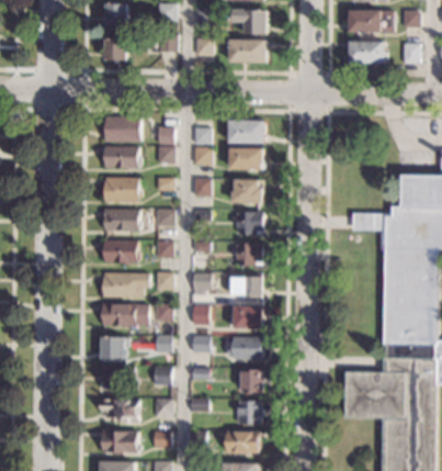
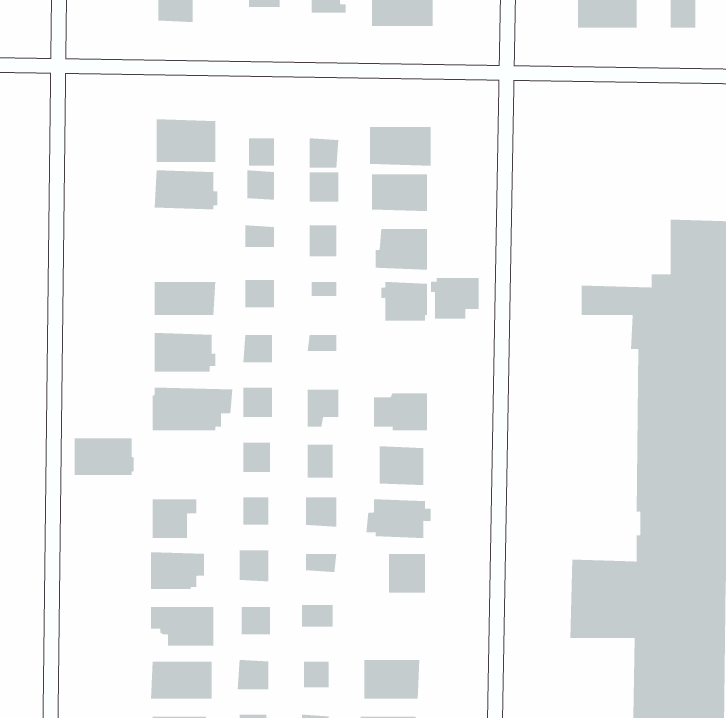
building: [103,177,138,202] -> none
building: [234,243,262,267] -> [430,277,479,319]
building: [102,304,137,326] -> [74,438,134,476]
building: [234,401,263,425] -> none

